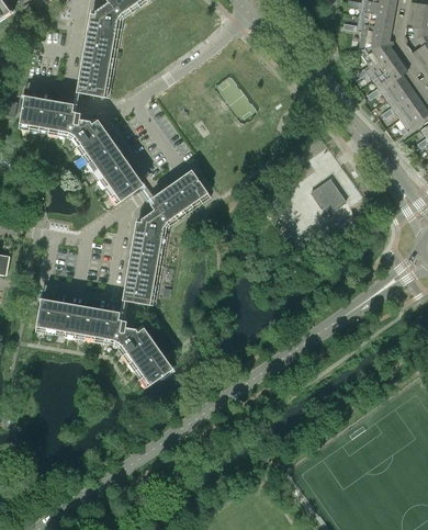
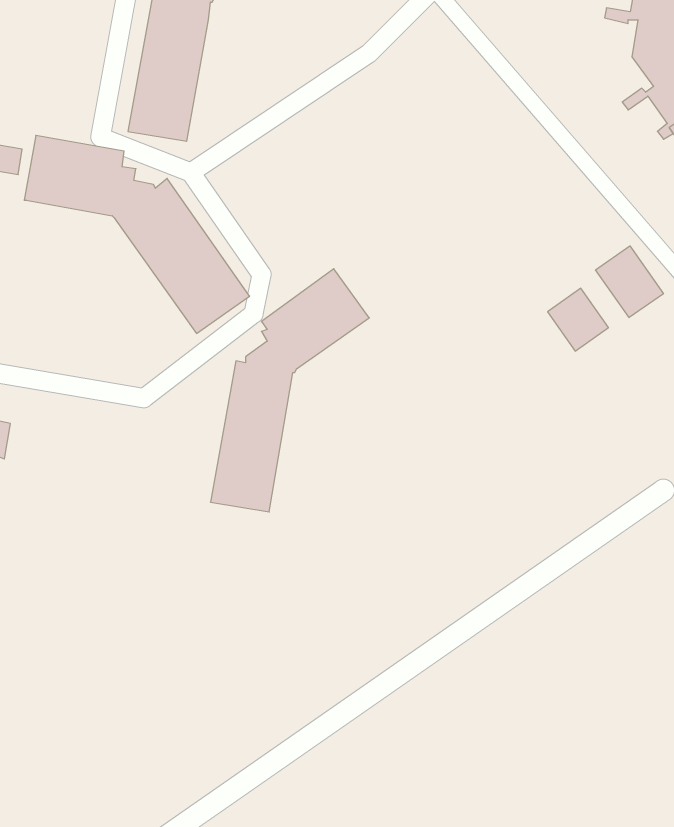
building: none -> [596,246,663,318]
building: [35,296,174,387] -> none

